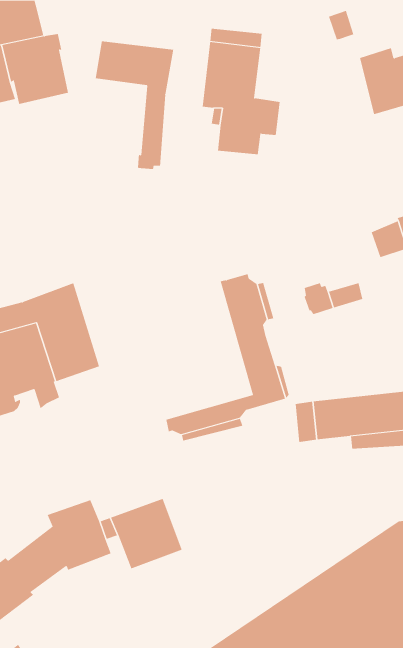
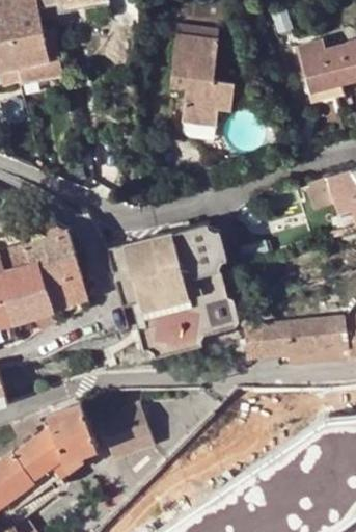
building: [95,41,174,170] -> none
building: none -> [105,230,210,341]

